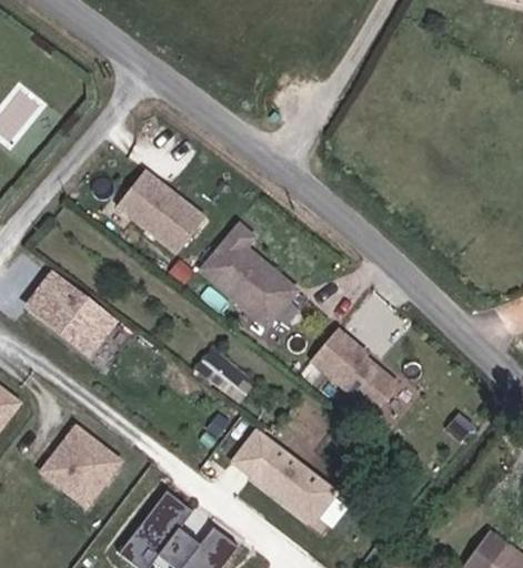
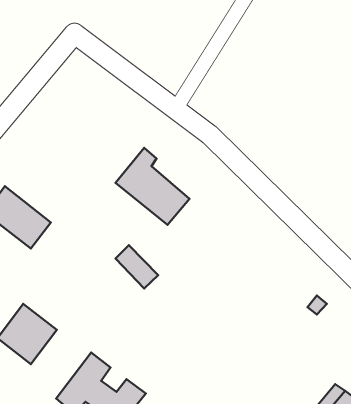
building: [117,170,204,251] -> none
building: [310,327,399,410] -> none
building: [233,430,335,523] -> none

